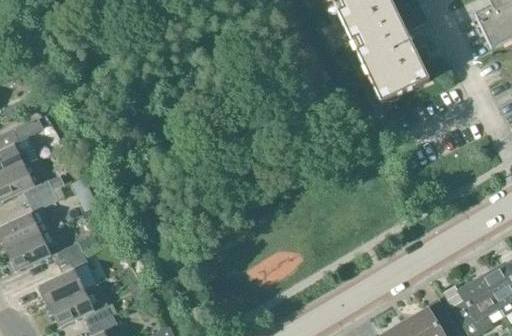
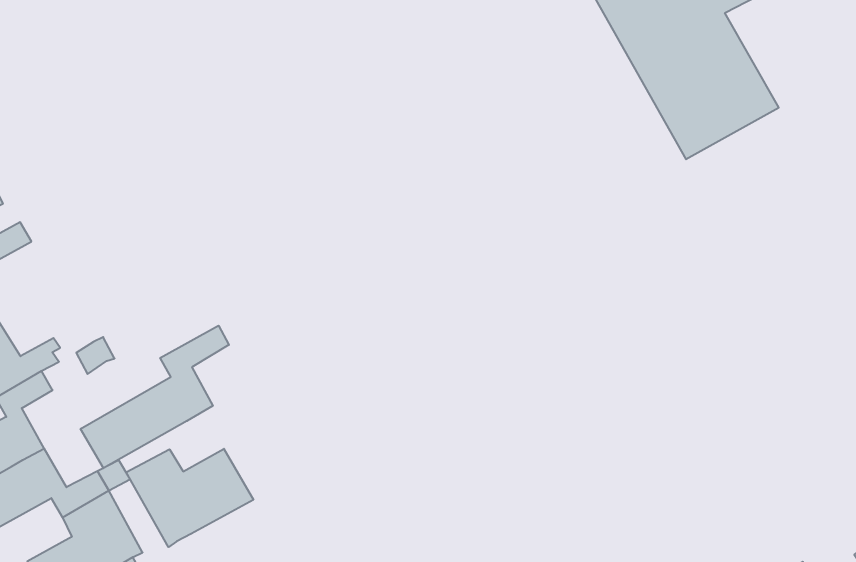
building: none -> [81,326,229,468]
building: none -> [126,449,253,547]

